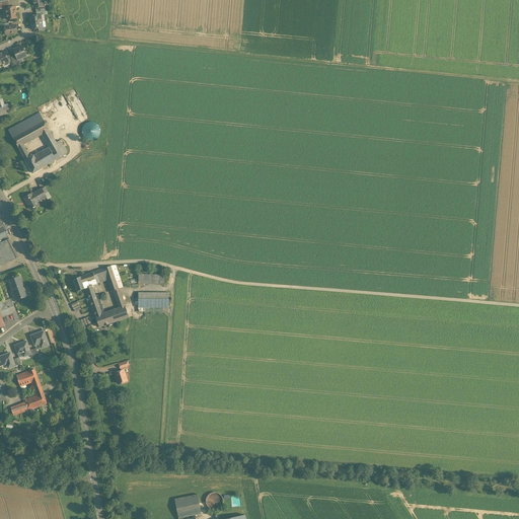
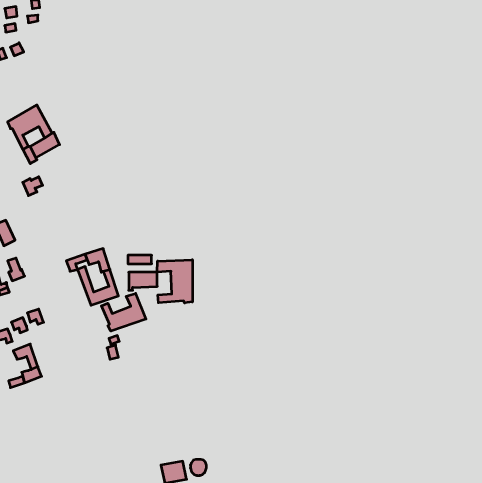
building: none -> [157,260,192,303]
building: none -> [101,293,146,331]

